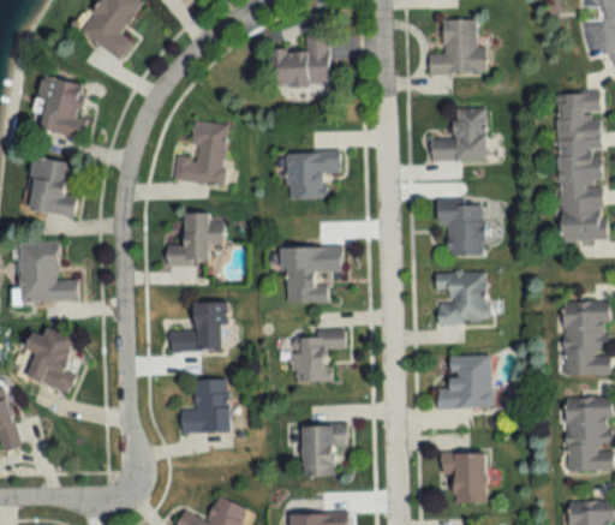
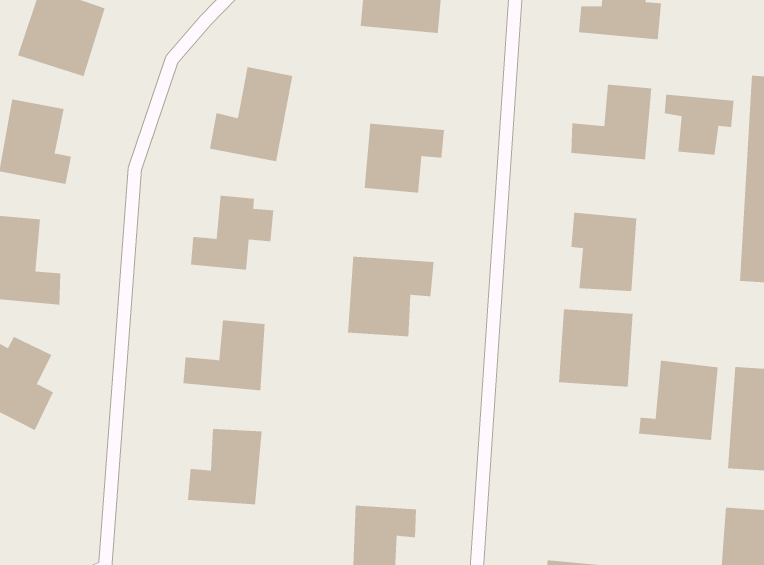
building: none -> [664,94,734,155]
building: [291,332,345,382] -> none
building: [437,353,490,407] -> [638,360,718,441]

